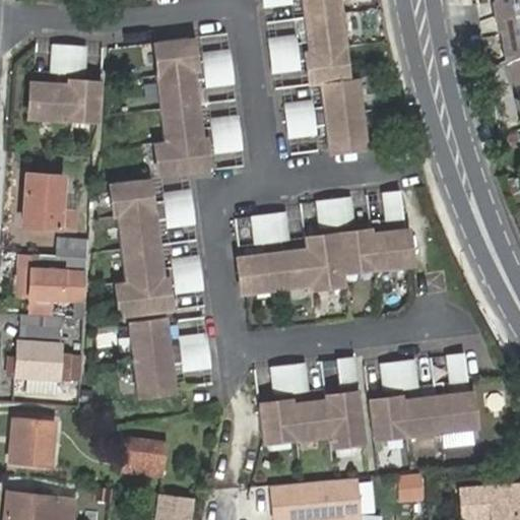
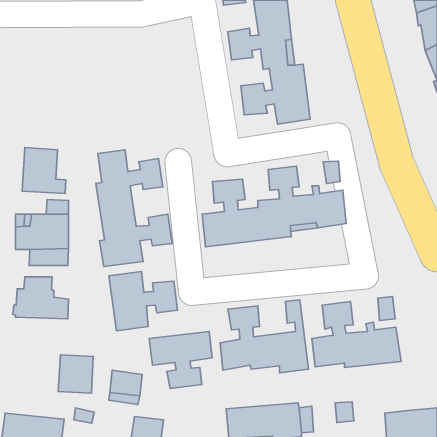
building: [156,37,243,176] -> none
building: [30,46,100,123] -> none
building: none -> [149,332,212,389]
building: [12,418,54,464] -> [58,355,93,393]

